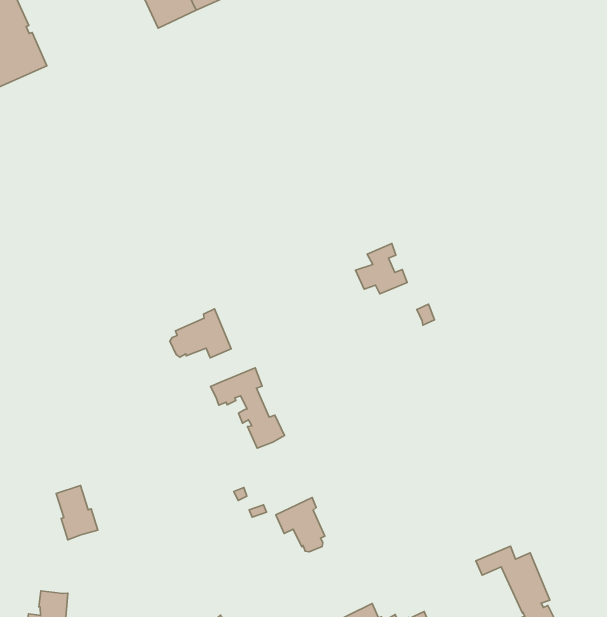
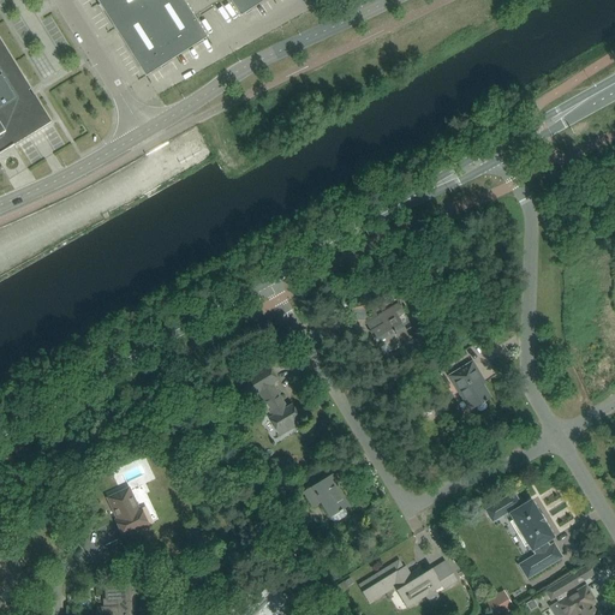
building: [356,244,407,294] -> [370,303,417,348]
building: [170,309,231,358] -> none
building: none -> [449,362,490,408]

